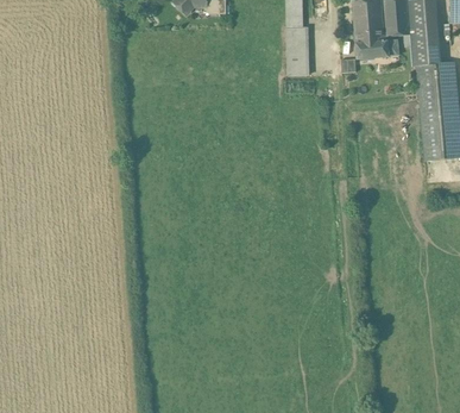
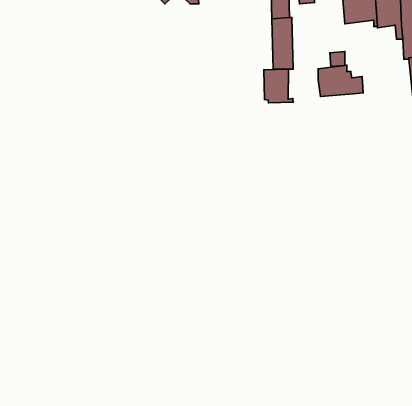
building: [355,29,398,58] -> [318,65,363,97]
building: none -> [264,69,293,103]

